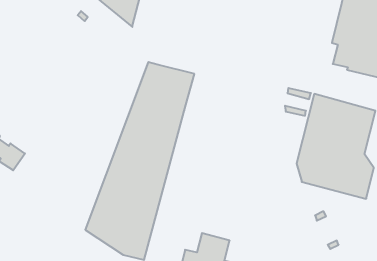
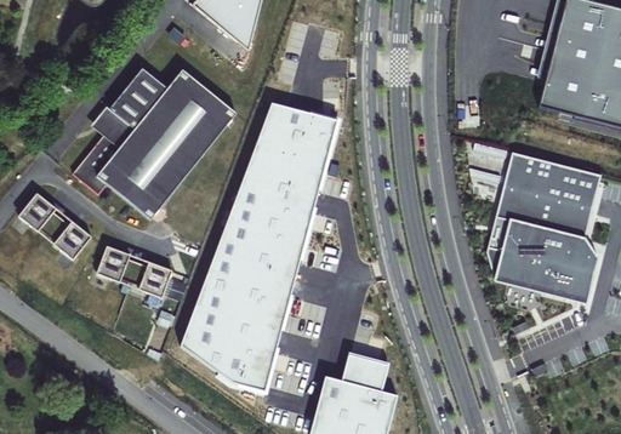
building: none -> [73,69,235,219]
building: none -> [97,245,173,296]

